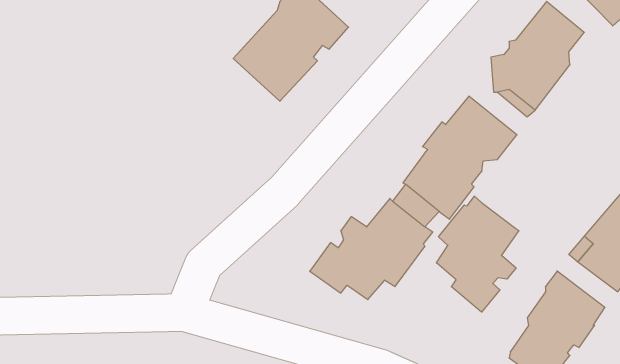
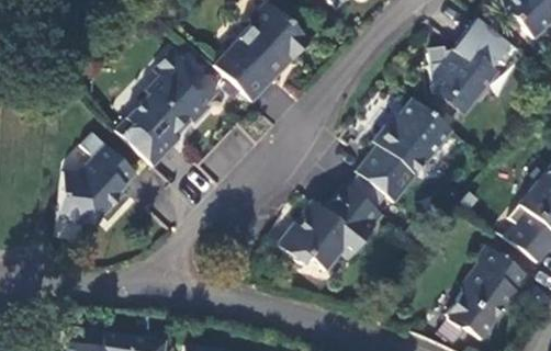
building: none -> [115,48,218,167]
building: none -> [57,132,137,223]
building: [436,196,519,312] -> none

